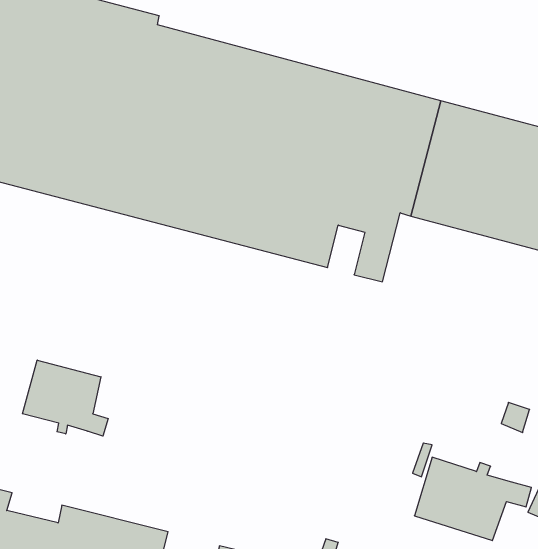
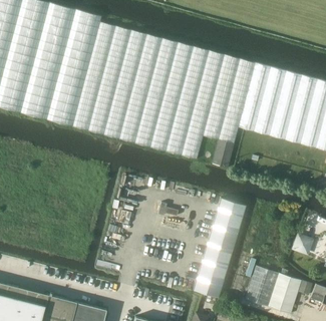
building: none -> [193,197,246,297]
building: [22,360,108,436] -> none

